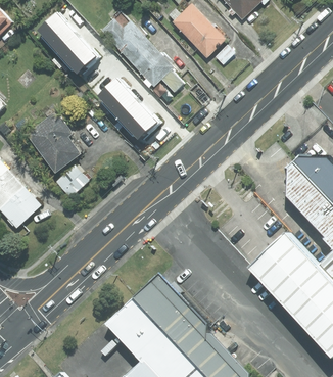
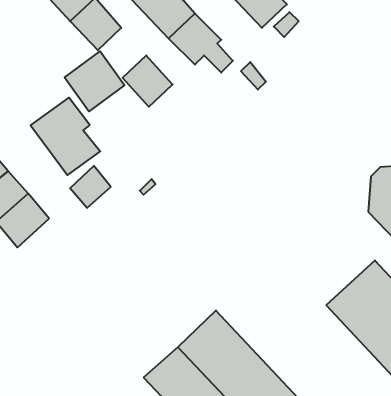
building: none -> [65,51,124,111]
building: [117,100,155,138] -> none

